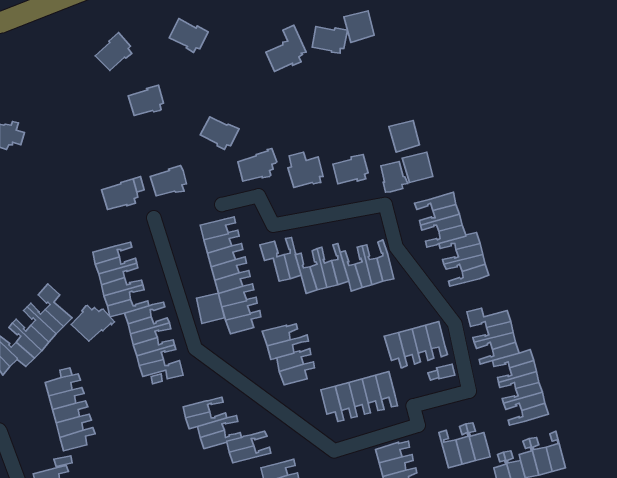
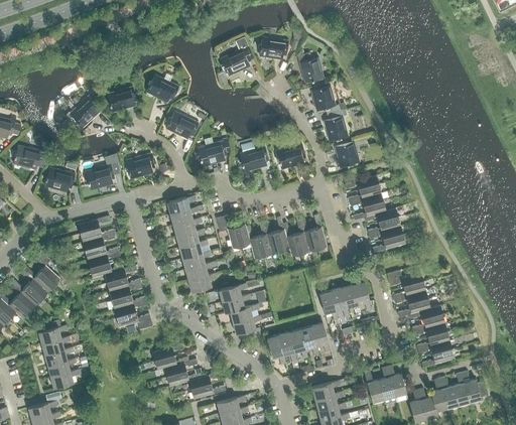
building: [344,11,374,42] -> [298,57,324,84]
building: [169,18,208,53] -> [146,76,178,104]
building: [95,33,132,70] -> [70,96,100,127]
building: none -> [310,86,346,115]
building: none -> [13,147,46,170]
building: [381,161,408,192] -> none
building: none -> [44,169,75,192]
building: [197,293,224,323] -> none
building: [71,306,115,341] -> none
building: none -> [461,372,488,403]

